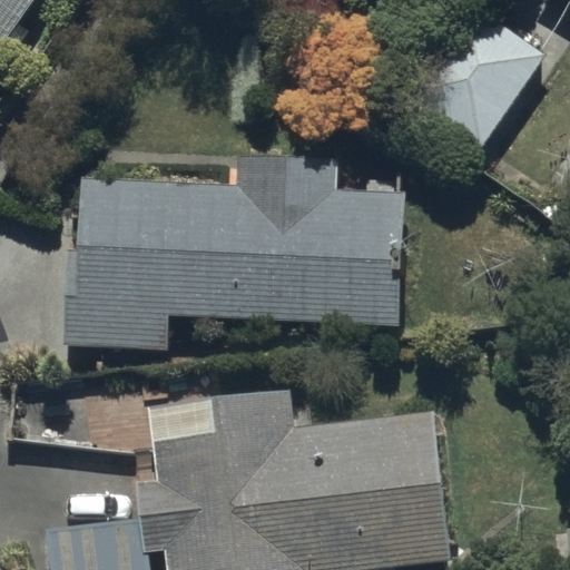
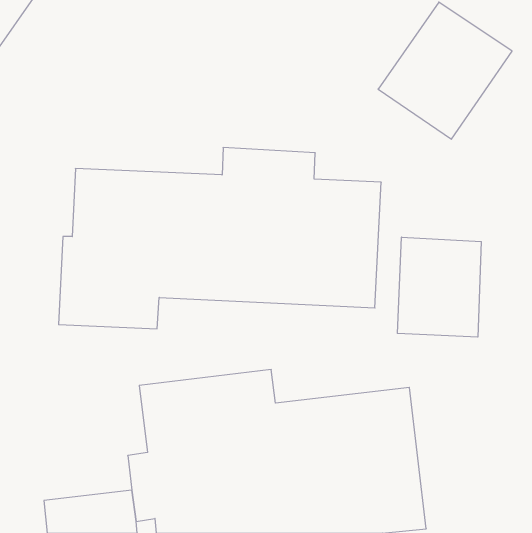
building: none -> [397,237,481,337]

